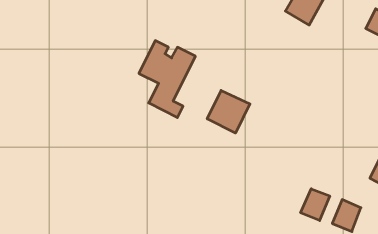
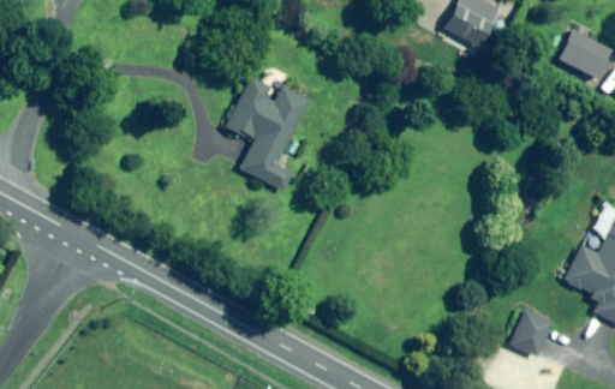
building: [207,90,250,133] -> none
building: [301,189,330,221] -> none

